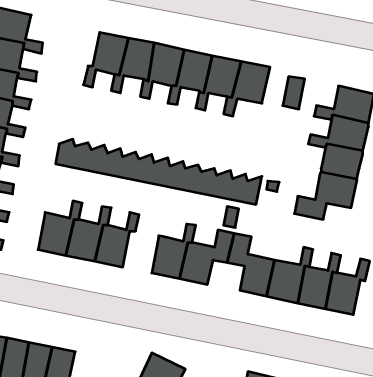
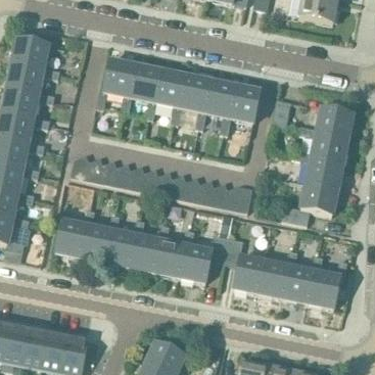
building: none -> [130,223,170,271]

